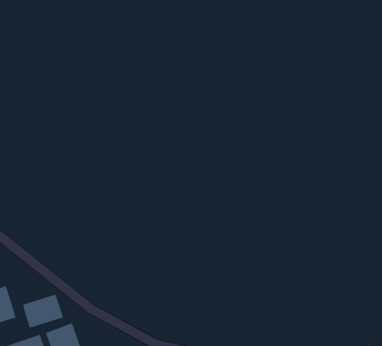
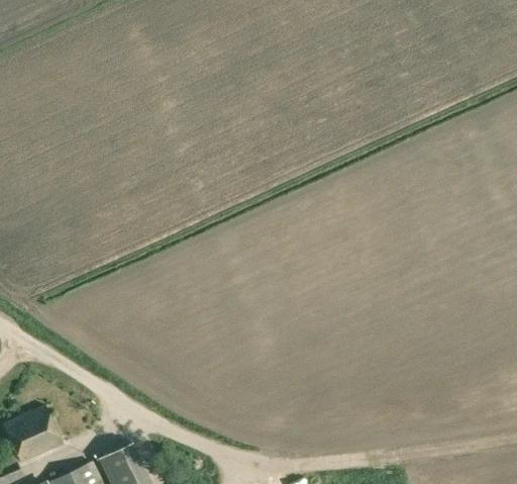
building: [23,294,64,328] -> none

